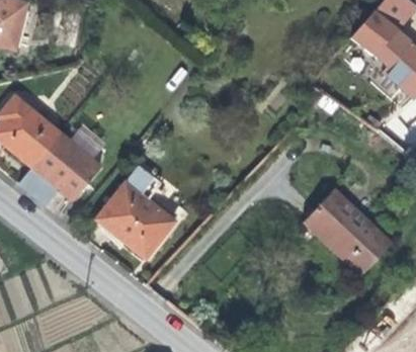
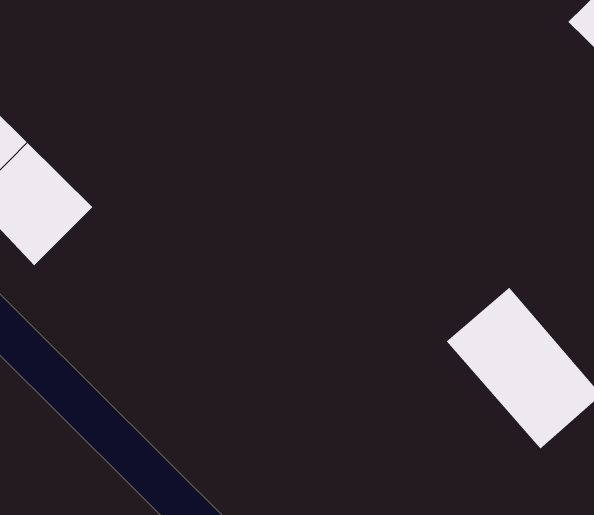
building: [100,182,178,258] -> none

